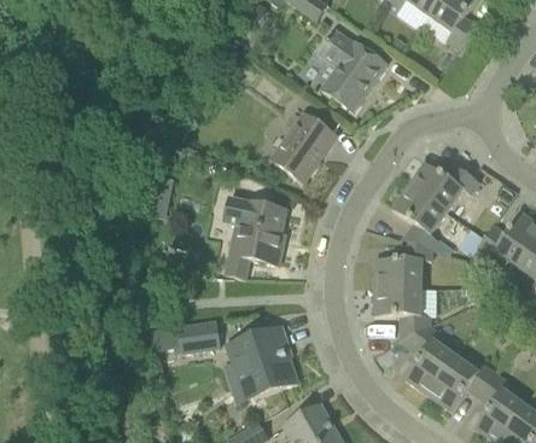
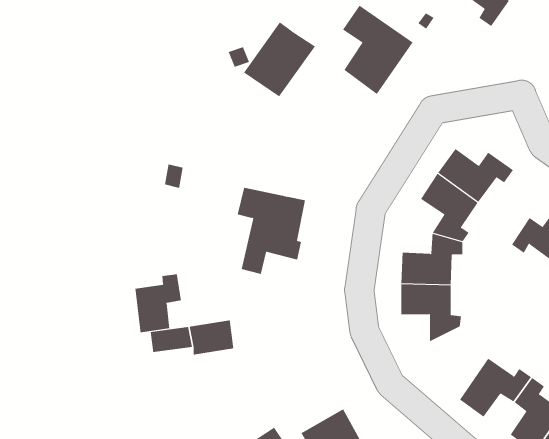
building: [269,111,337,181] -> [243,22,316,97]
building: none -> [135,274,181,333]
building: [227,326,298,400] -> none
building: [401,326,455,394] -> none

